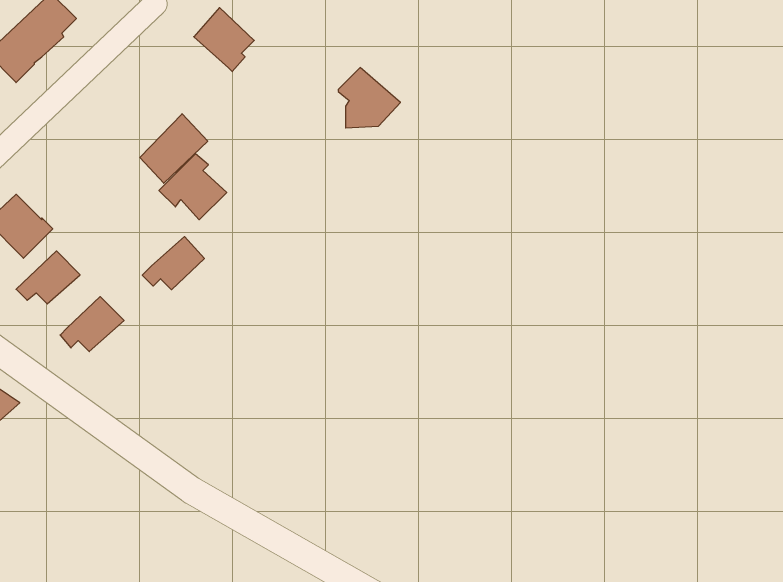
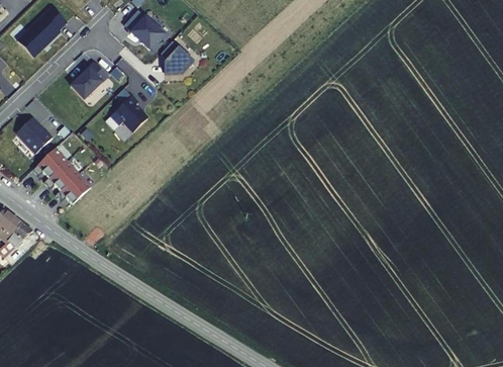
building: [338,68,400,128] -> [162,39,196,73]
building: [140,114,208,183] -> [72,61,109,99]
building: [142,237,204,290] -> [45,162,80,191]

